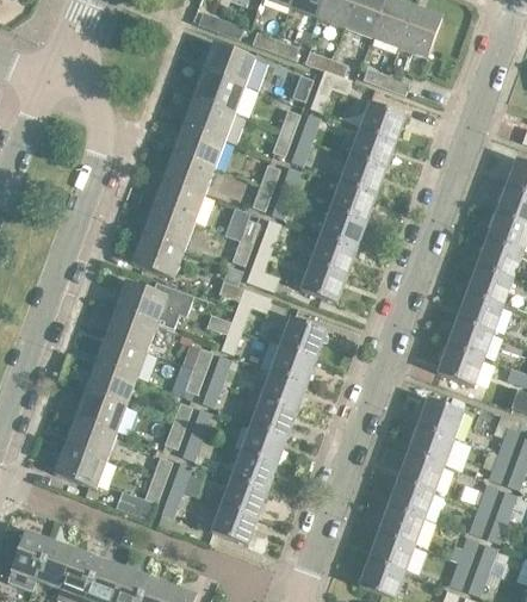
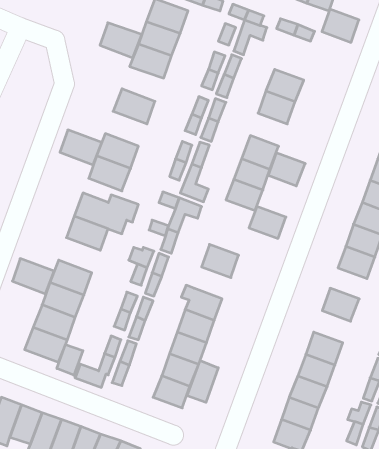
building: [360,101,405,142] -> [322,9,359,42]
building: [173,125,224,168] -> [100,23,142,58]
building: [153,180,204,223] -> [60,130,102,165]
building: [330,182,376,223] -> [268,153,305,186]
building: [280,317,326,356] -> [249,206,286,238]
building: [95,335,147,378] -> [12,259,54,294]
building: [261,371,306,410] -> none
building: [408,424,453,464] -> none
building: none -> [57,345,83,375]
building: none -> [187,360,218,402]

